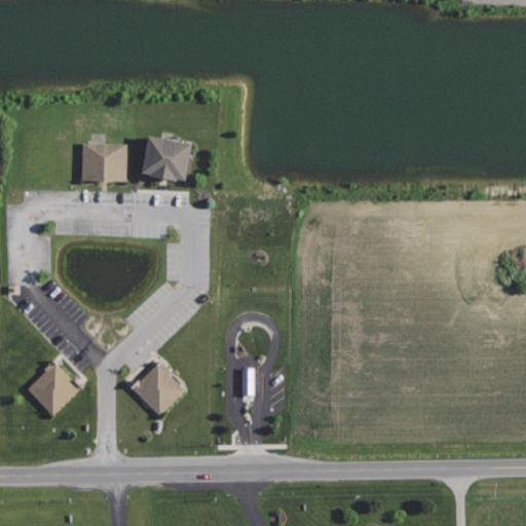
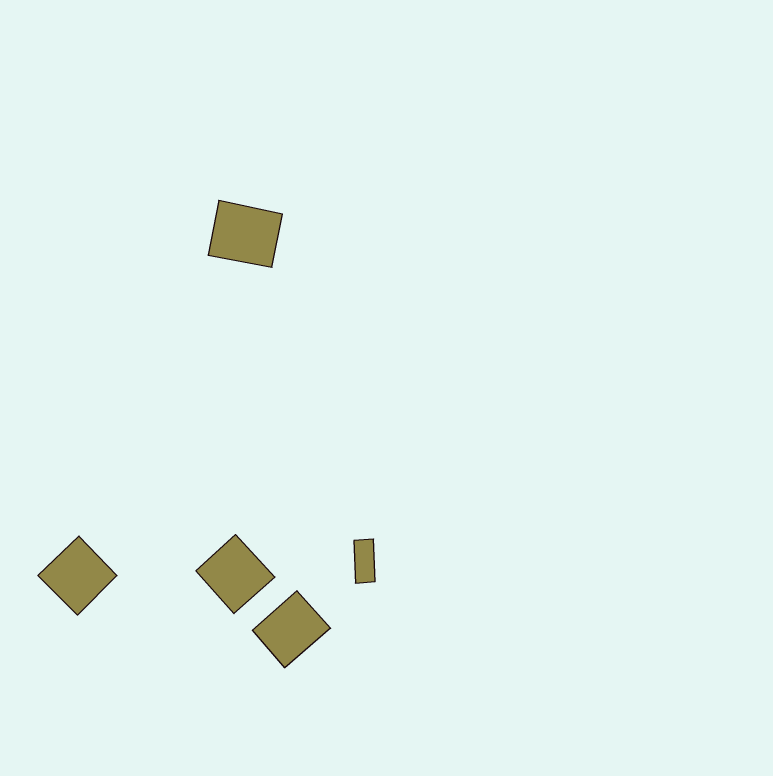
building: [81,144,125,181] -> none
building: none -> [252,591,331,668]

